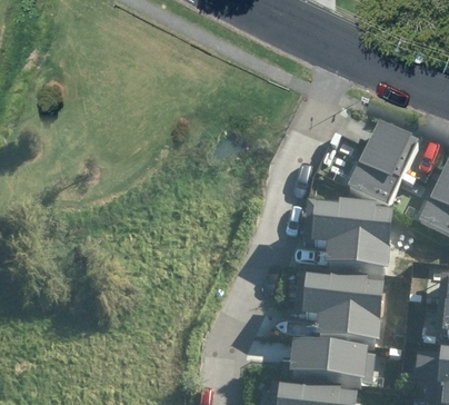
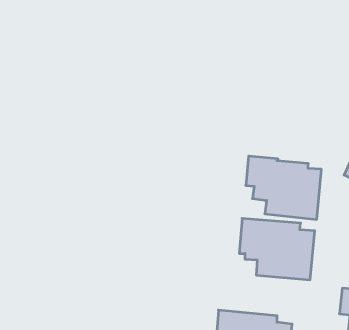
building: [347,122,417,204] -> none
building: [292,345,373,381] -> none

